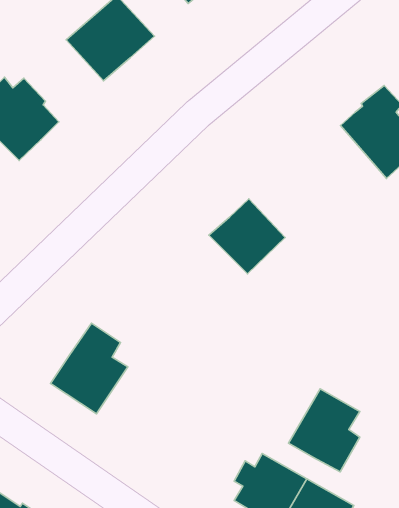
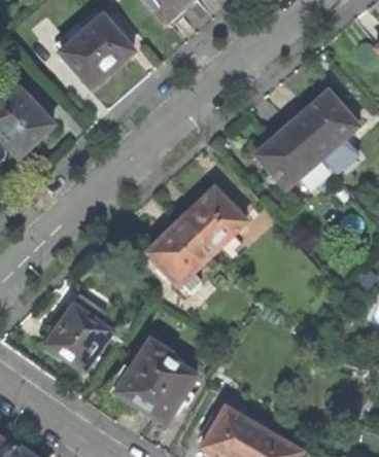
building: none -> [256,125,333,188]
building: none -> [146,218,214,290]
building: none -> [109,338,198,424]
building: [288,389,360,472] -> none

